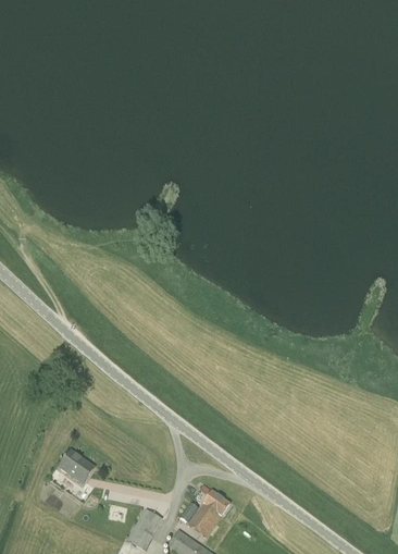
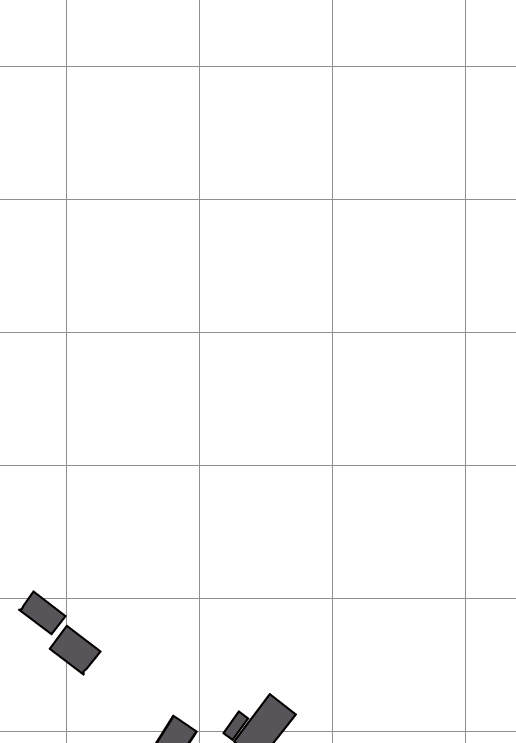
building: none -> [19,592,66,634]

